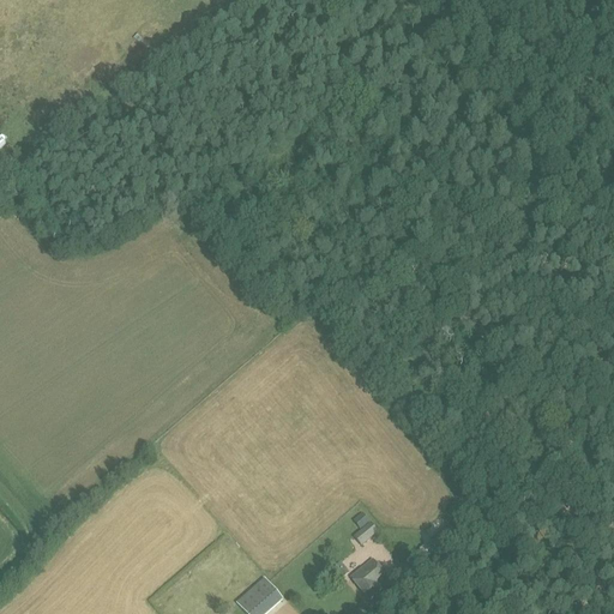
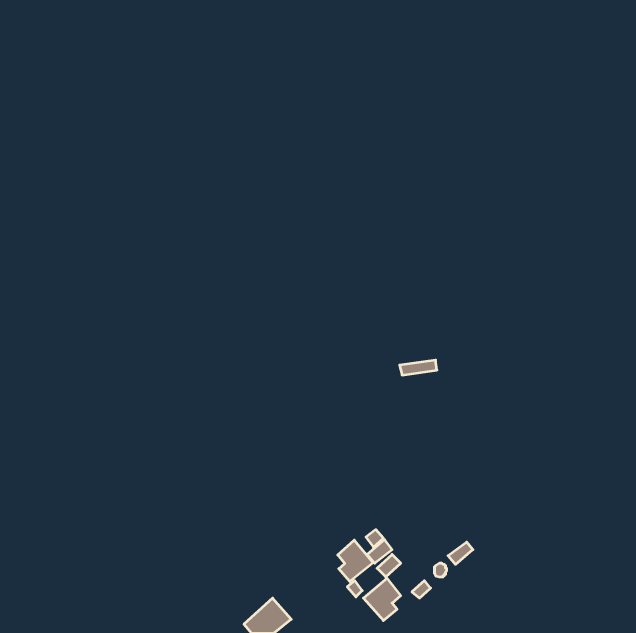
building: none -> [338,540,373,582]

